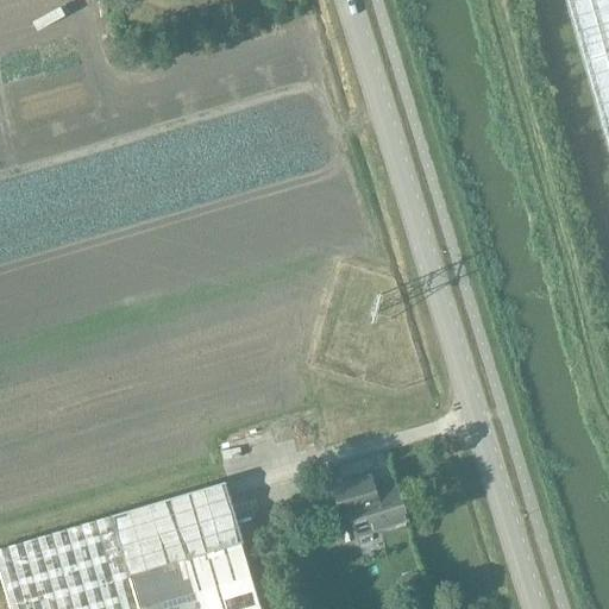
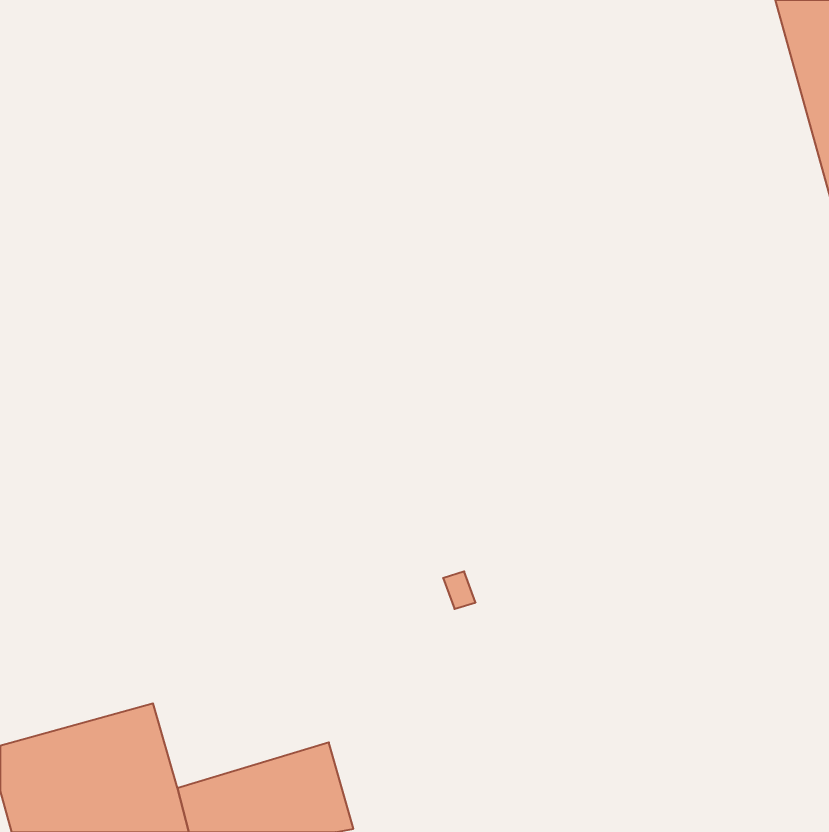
building: [335,477,408,535] -> none
building: [114,482,259,576] -> none

